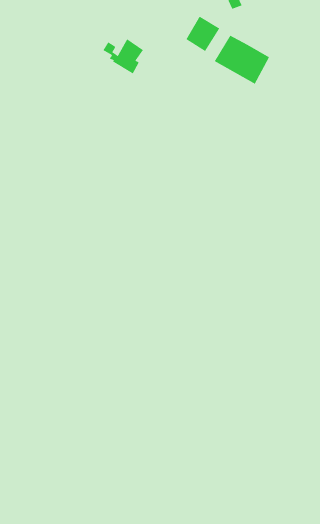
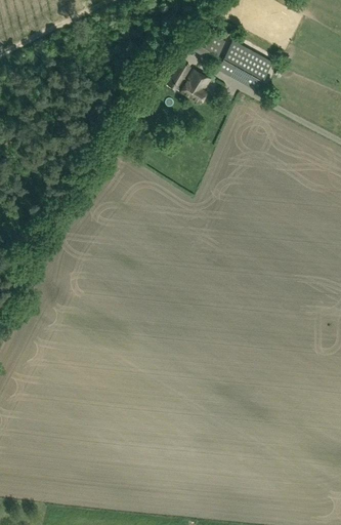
building: [103,38,144,74] -> [171,68,211,103]

